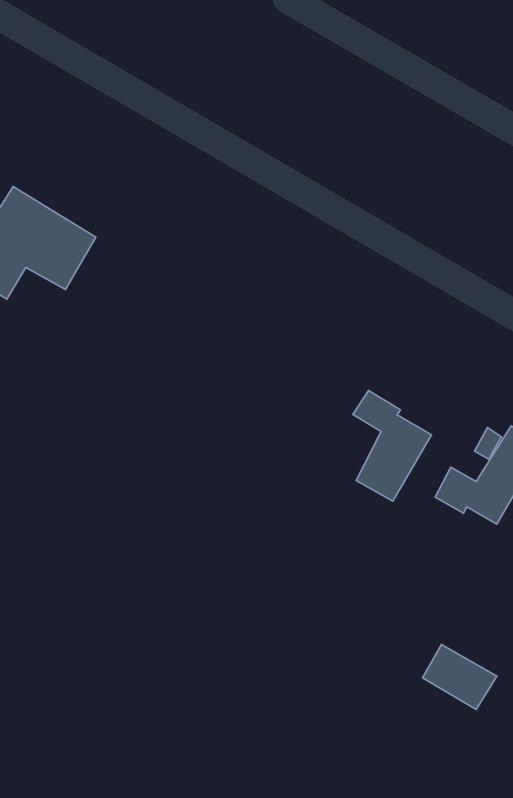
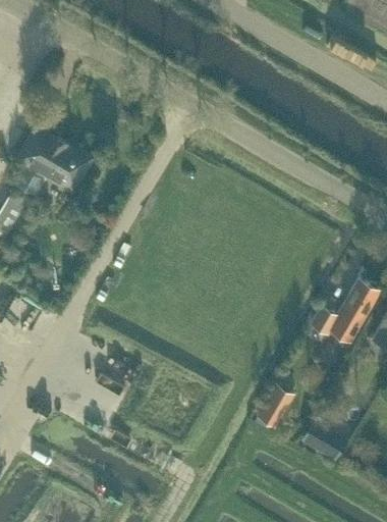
building: [353,391,431,501] -> none
building: none -> [258,385,295,430]

